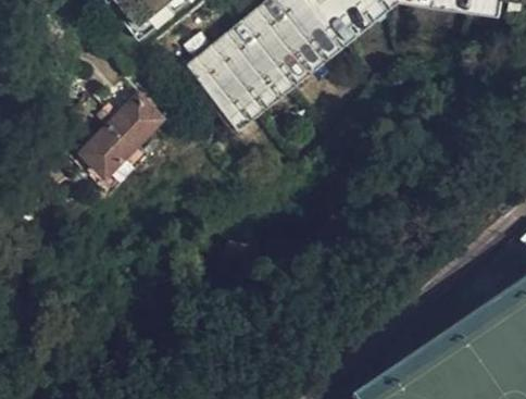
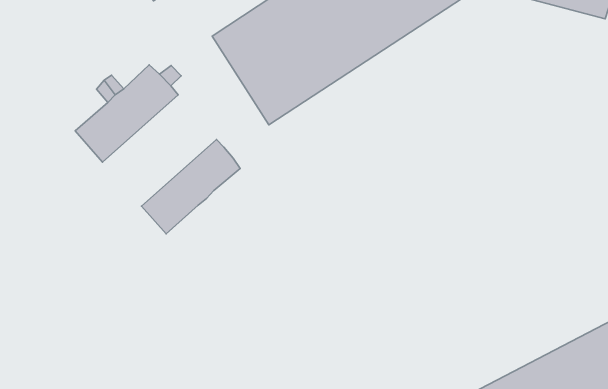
building: none -> [142,139,240,234]

